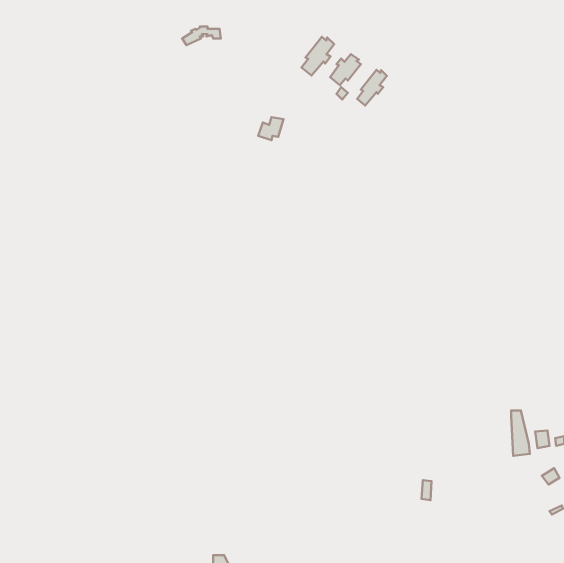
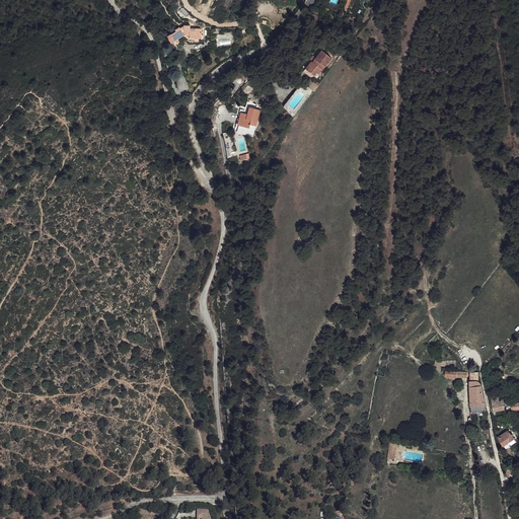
building: [302,37,334,76] -> none
building: [357,70,387,105] -> none

